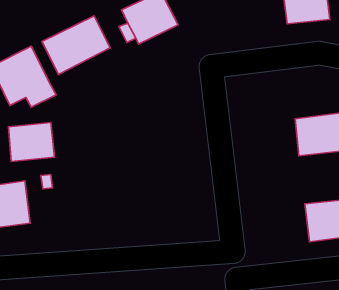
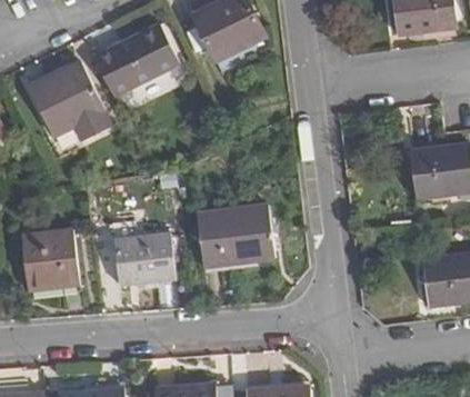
building: [8,122,54,161] -> [117,235,174,284]
building: none -> [198,205,276,268]

